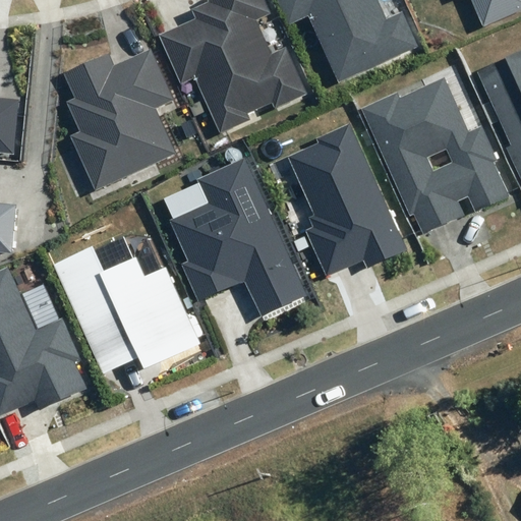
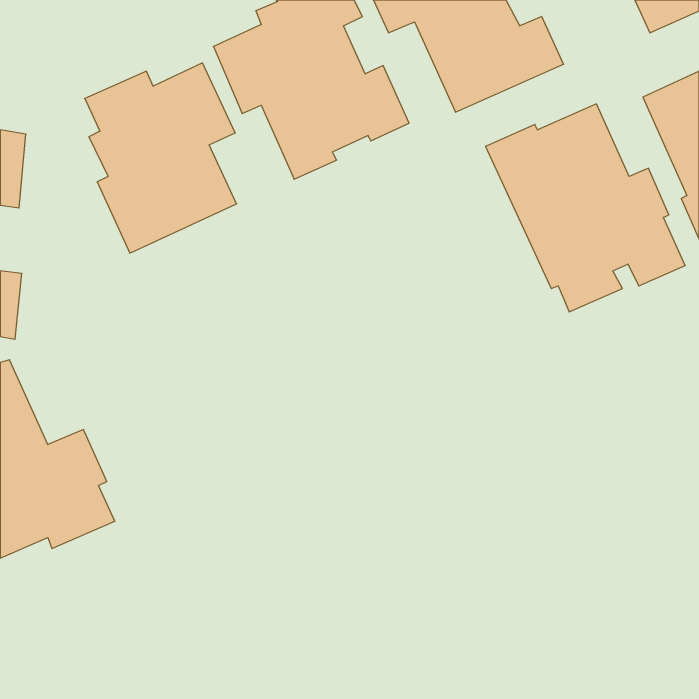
building: [287,125,406,276] -> none
building: [164,158,305,314] -> none
building: [54,247,199,373] -> none

